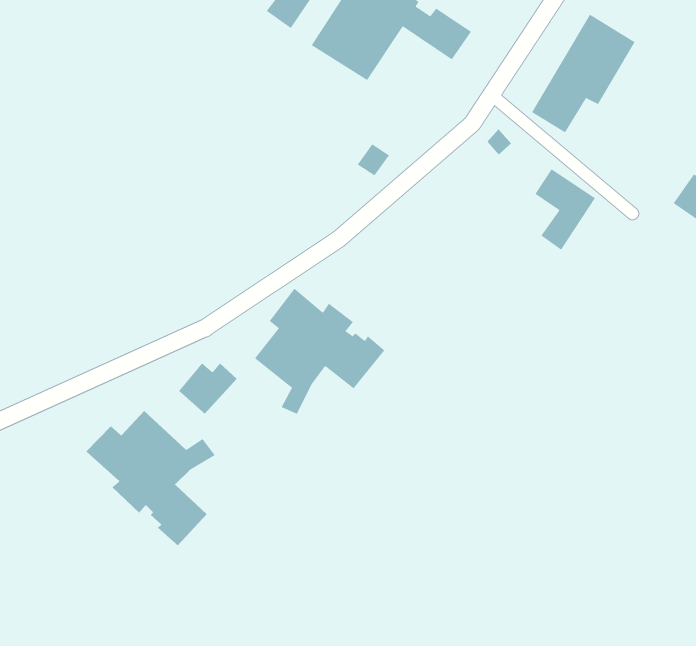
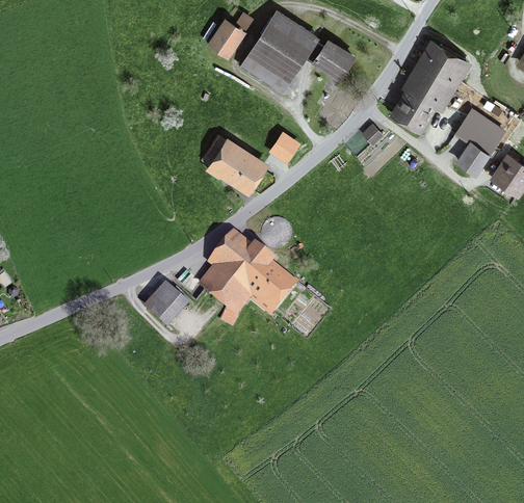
building: none -> [203,135,261,187]
building: [535,168,596,250] -> [455,115,498,173]
building: [85,410,215,546] -> none

